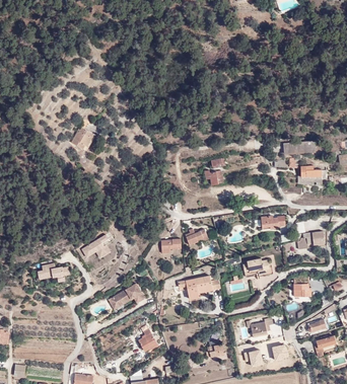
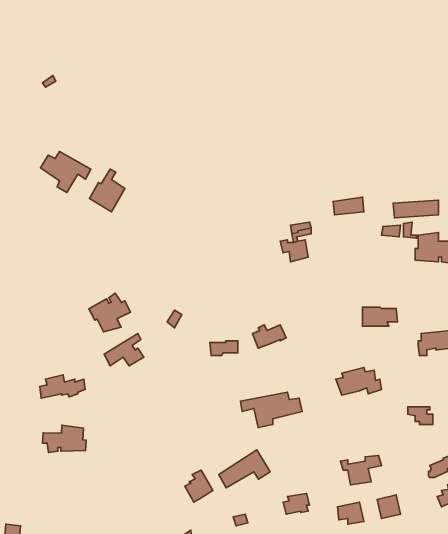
building: none -> [41,151,91,193]
building: none -> [89,293,131,332]
building: [112,284,147,310] -> [219,450,270,488]
building: none -> [43,425,86,452]

